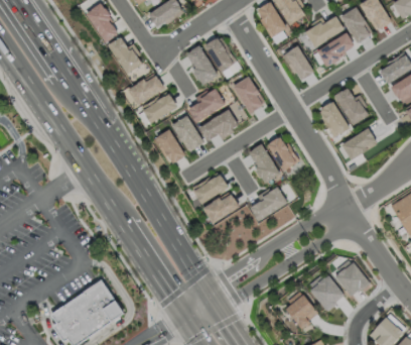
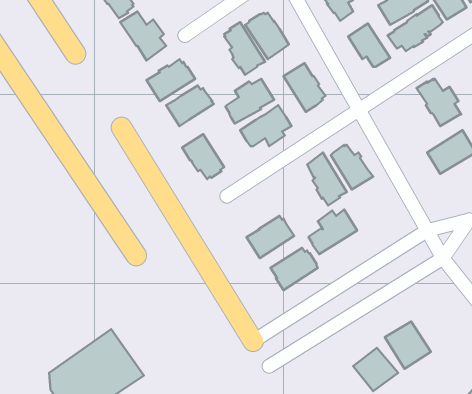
building: [317,102,348,138] -> none
building: [172,117,204,153] -> none
building: [192,175,229,207] -> [270,248,318,290]
building: [336,262,369,290] -> none

